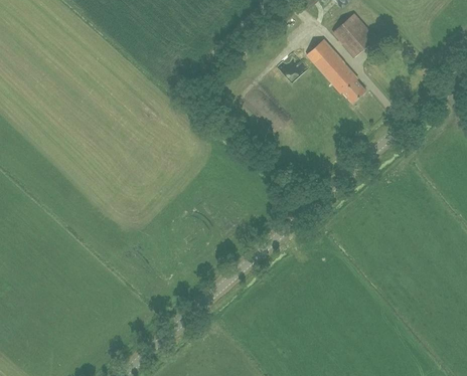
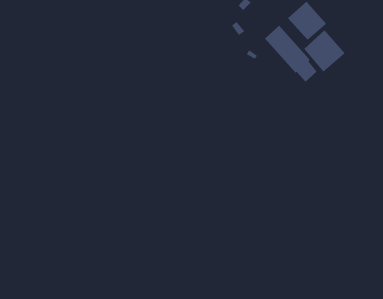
building: none -> [303,30,346,73]

